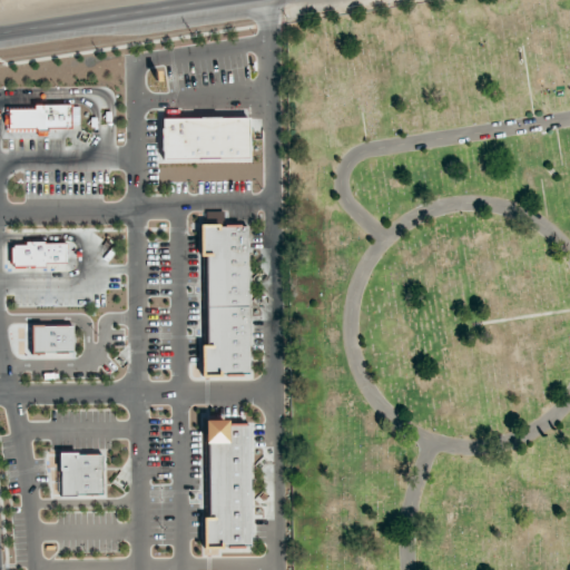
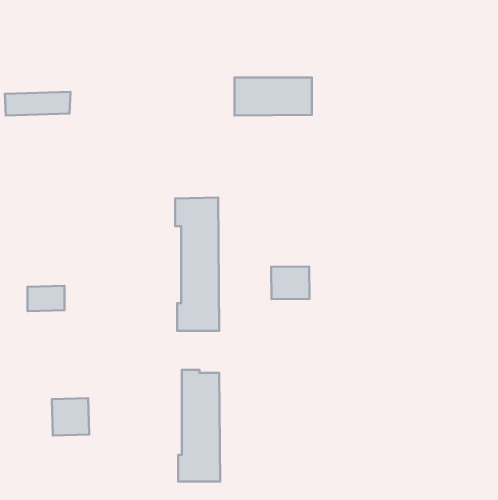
building: [163,118,250,161] -> [234,77,312,116]
building: [12,243,69,266] -> none
building: none -> [271,266,309,299]

